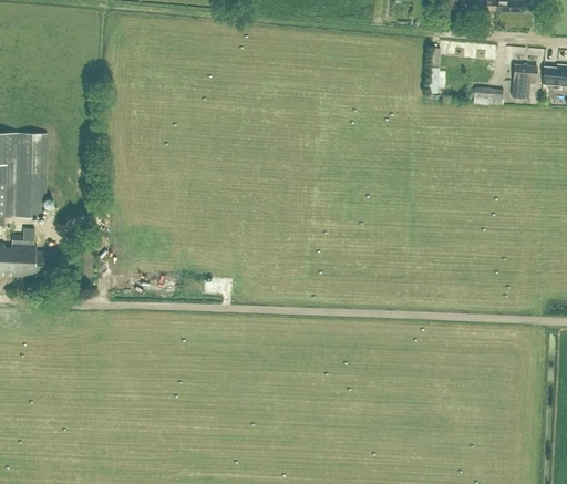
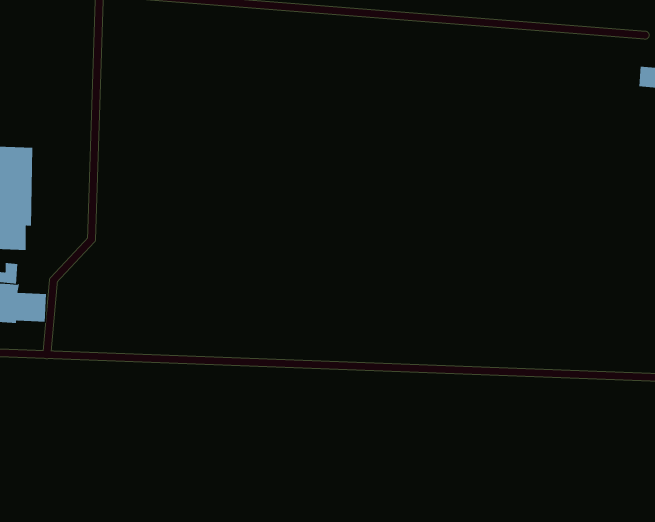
building: [512,64,535,97] -> none
building: [468,86,502,105] -> none

